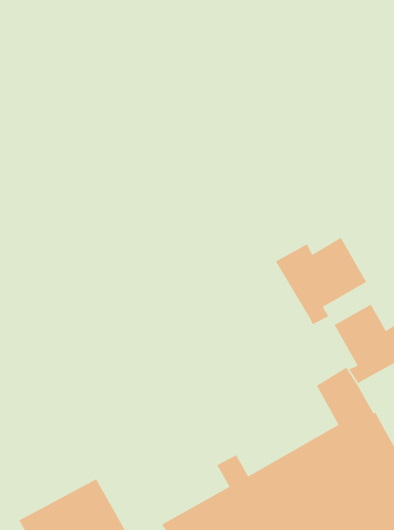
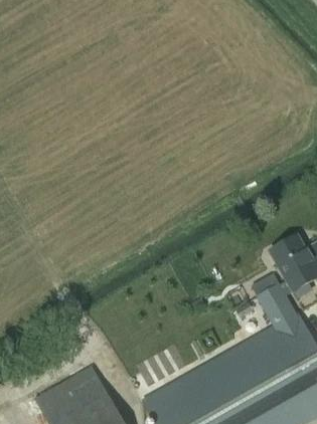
building: [275,237,367,325] -> none

